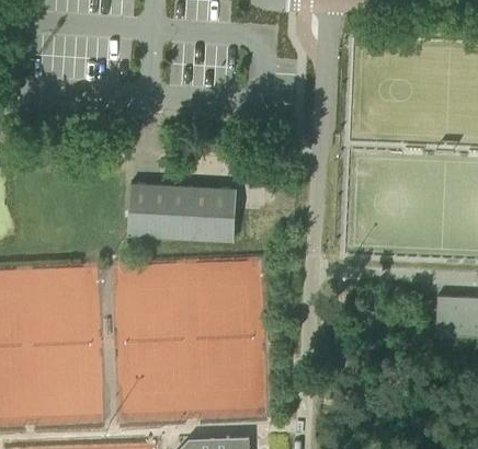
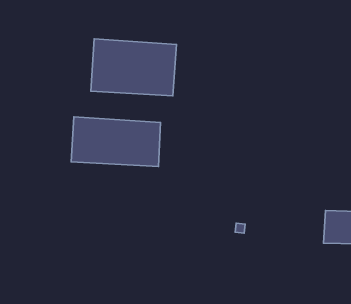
building: none -> [91,39,177,96]

